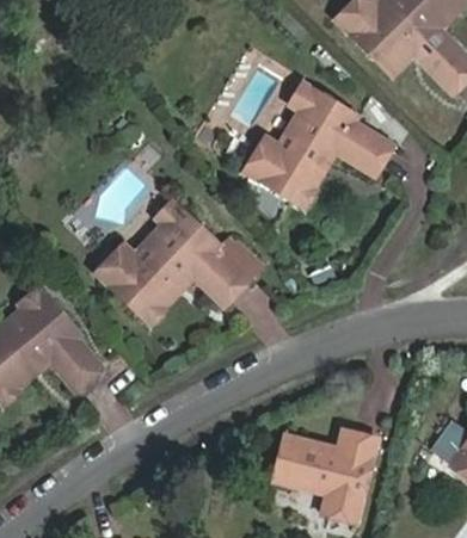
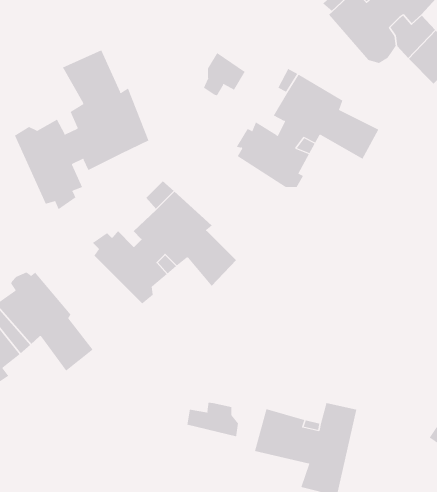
building: none -> [14,49,149,210]
building: none -> [203,52,246,96]
building: none -> [187,402,239,437]

